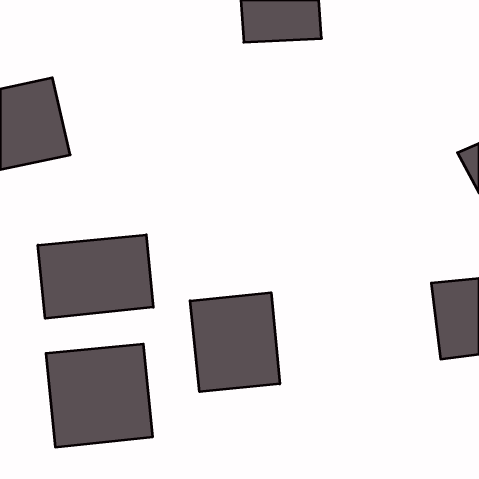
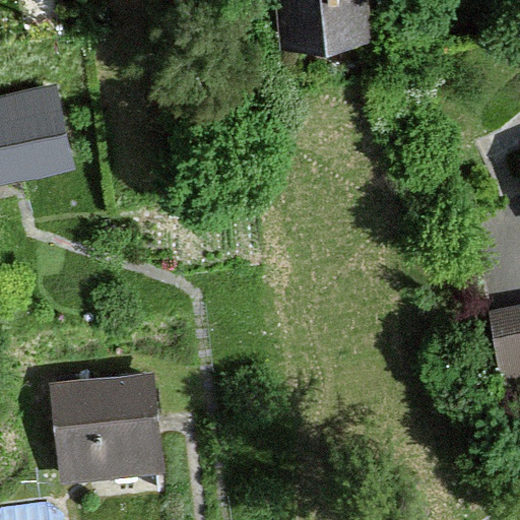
building: [38,235,153,318] -> none
building: [190,293,280,392] -> none

